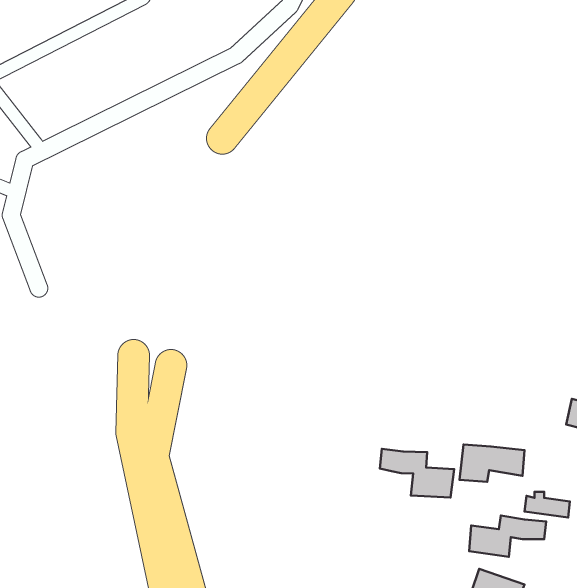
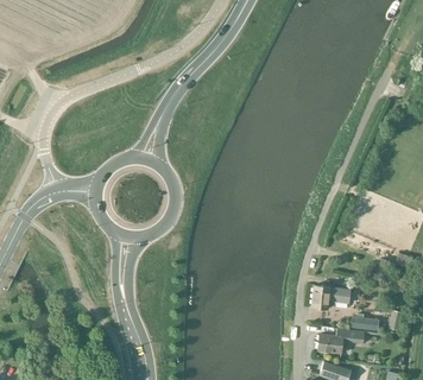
building: [380,449,454,497] -> none

